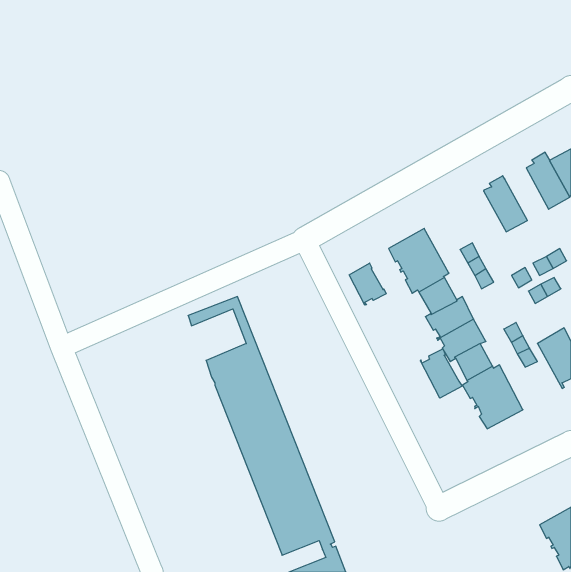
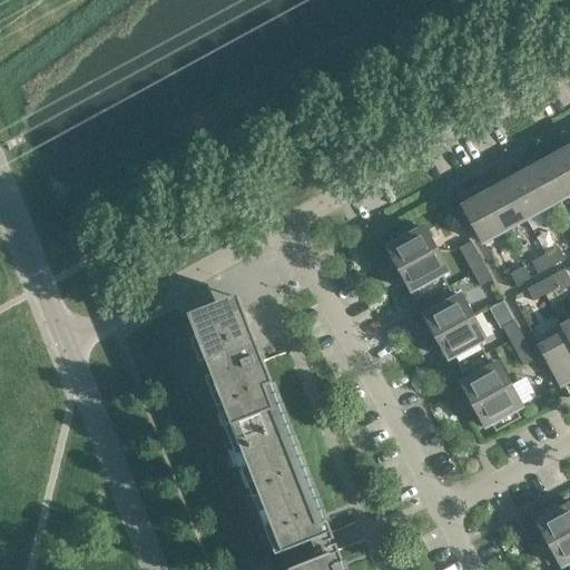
building: none -> [502,163,546,219]
building: none -> [456,186,503,243]
building: [349,263,386,305] -> none
building: none -> [190,307,245,358]
building: [420,349,462,398] -> none

